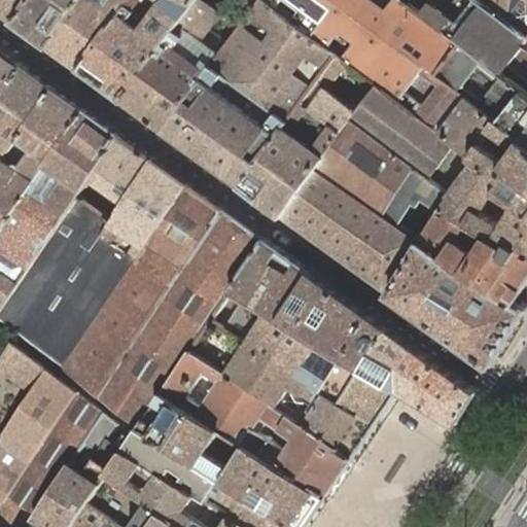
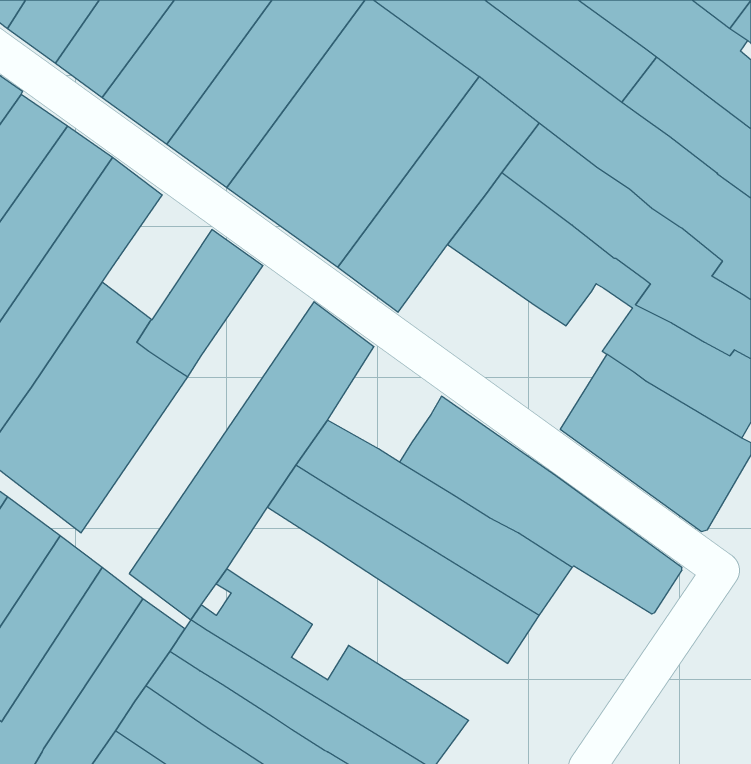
building: [81,136,145,203] -> none
building: [273,170,416,296] -> none
building: [56,184,215,395] -> none
building: [224,240,303,319] -> none
building: [155,350,348,496] -> none

